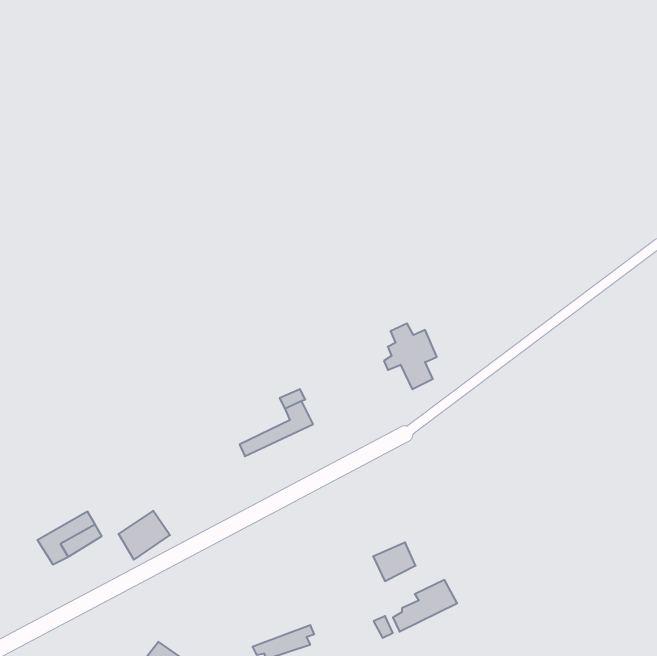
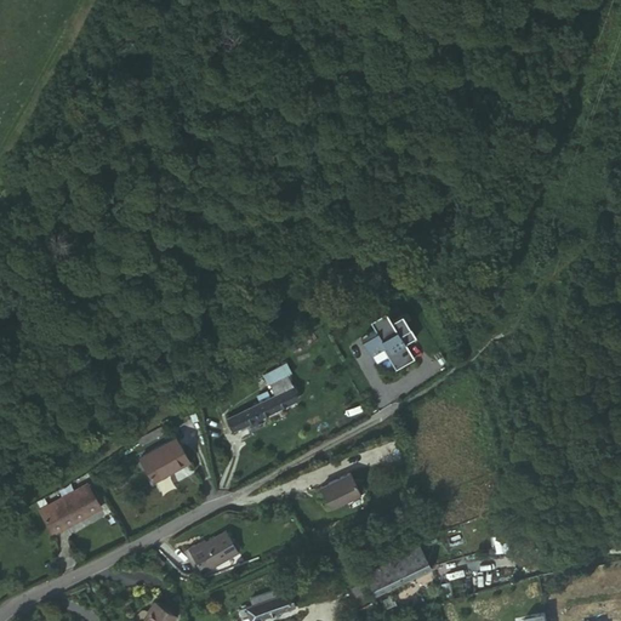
building: [118,511,170,560] -> [143,440,192,486]
building: [373,542,416,581] -> [321,473,361,509]
building: none -> [188,530,238,572]

